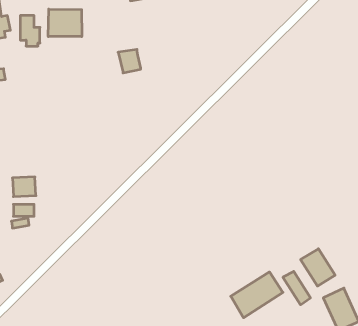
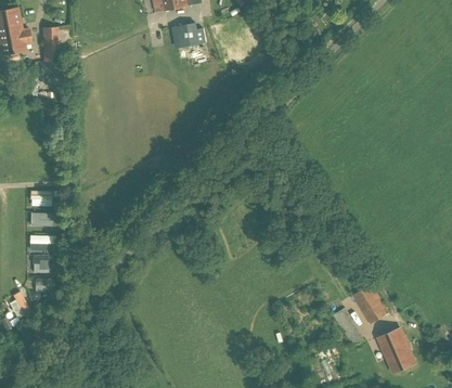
building: [48,9,82,37] -> none
building: [118,49,141,73] -> [175,22,199,48]
building: [231,272,283,318] -> none

